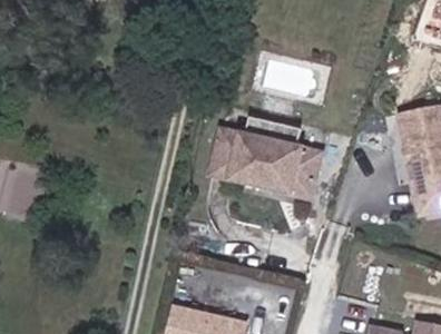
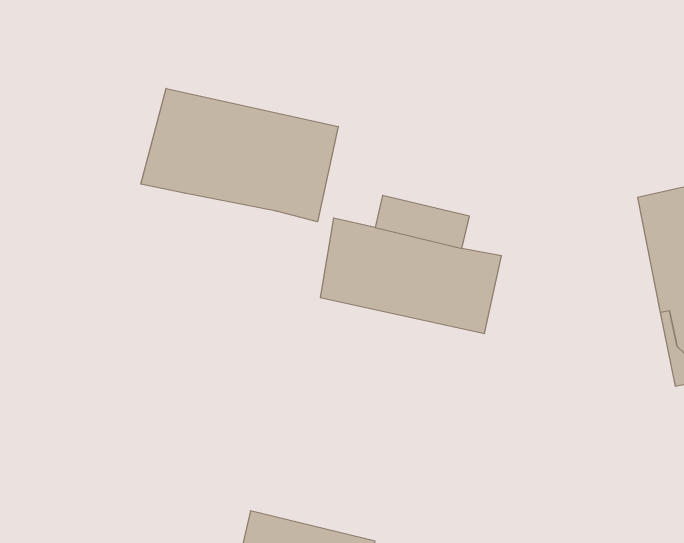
building: none -> [141,88,338,222]

